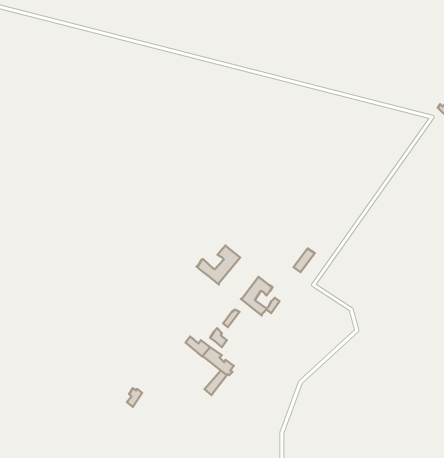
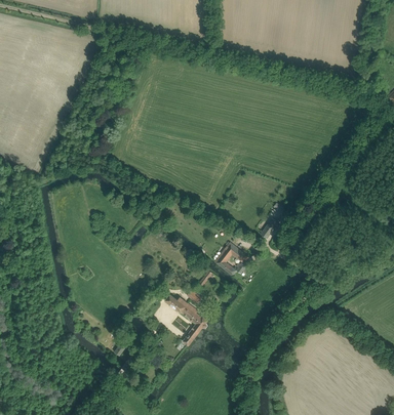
building: [196,245,240,285] -> none

